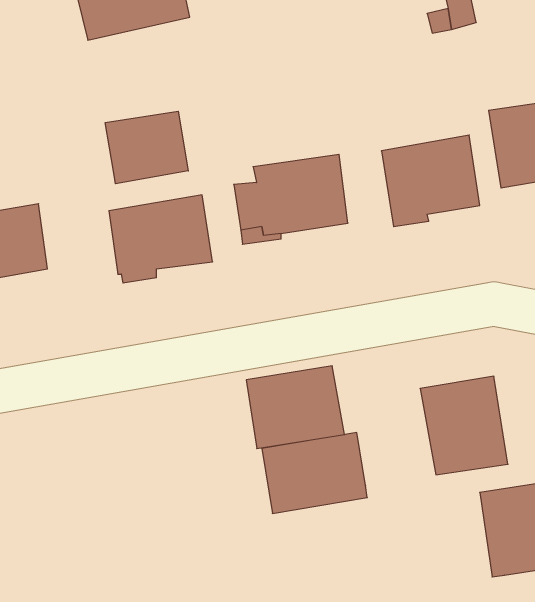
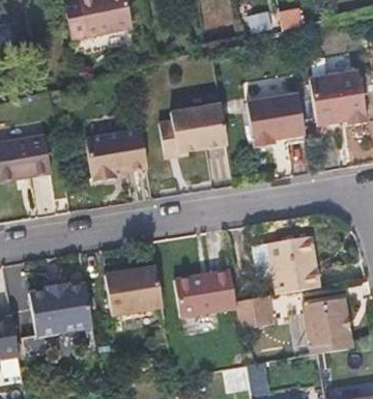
building: [105,111,188,184] -> none
building: [246,366,345,449] -> [106,265,164,314]
building: none -> [30,282,93,334]
building: none -> [236,294,274,329]

